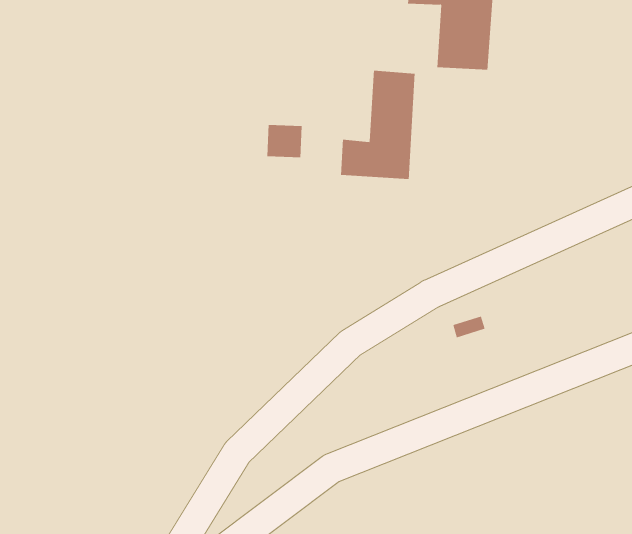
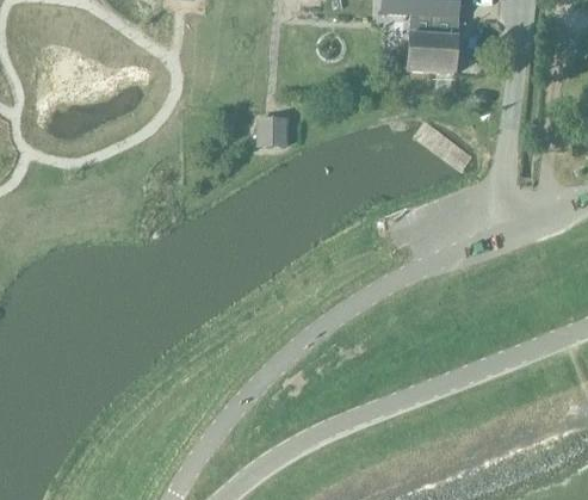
building: [341,70,415,180] -> none

